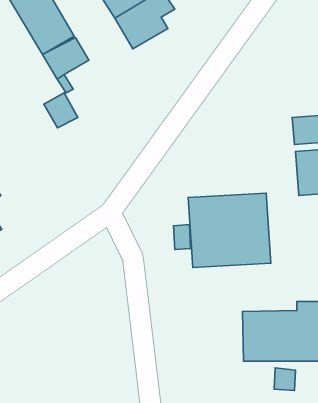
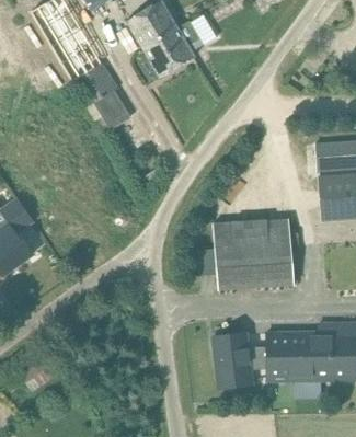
building: [44,93,78,128] -> [97,92,130,126]
building: none -> [213,333,252,389]

